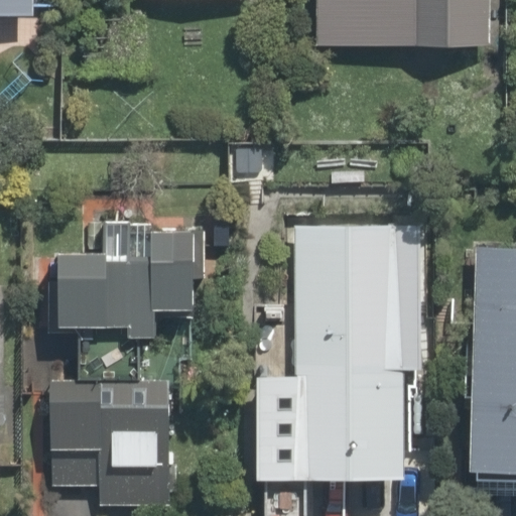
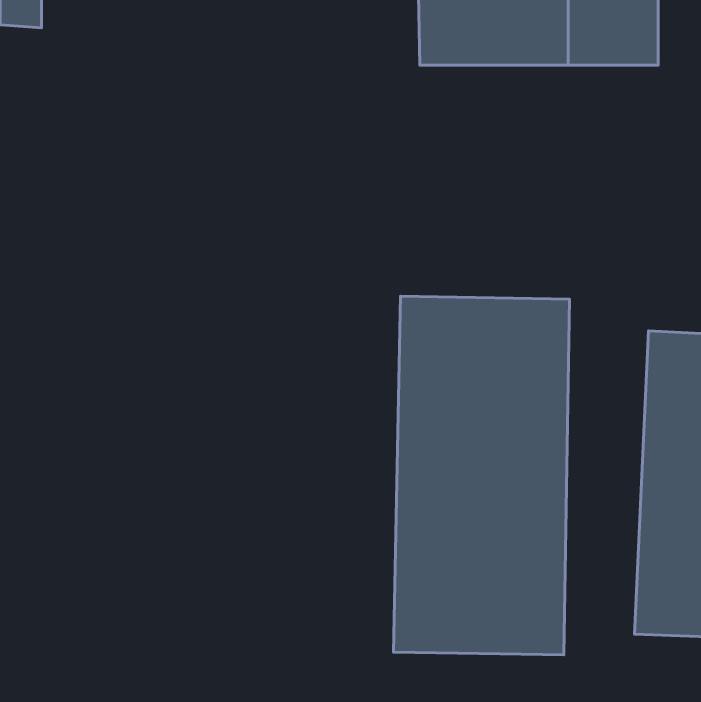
building: [53,246,192,337] -> none
building: [53,381,171,506] -> none

